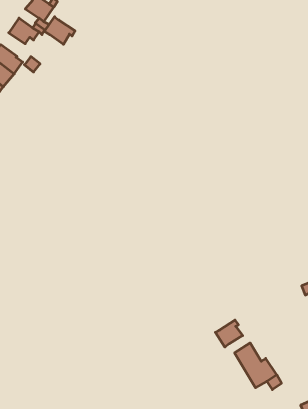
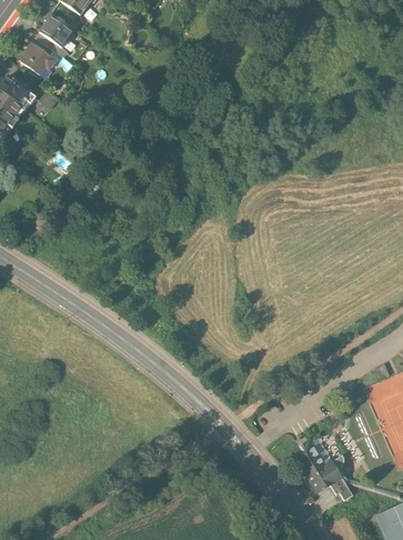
building: [44,17,75,44] -> none
building: [215,320,243,347] -> none

